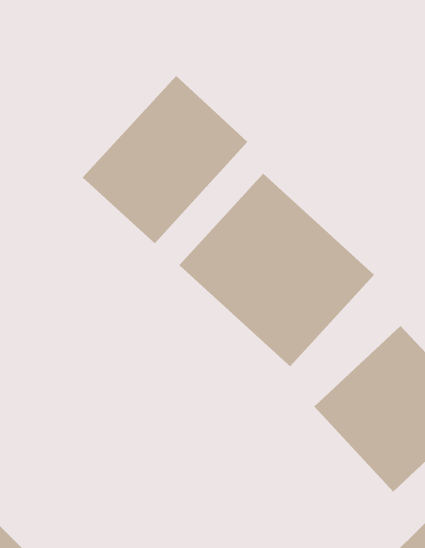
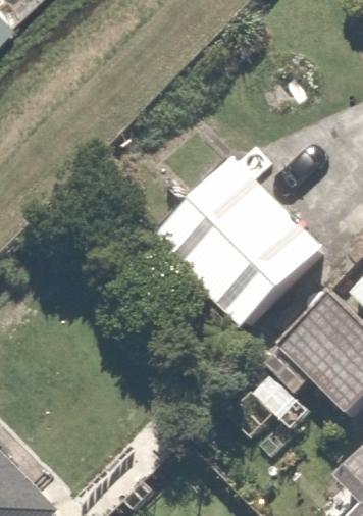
building: [82,75,248,244] -> none

